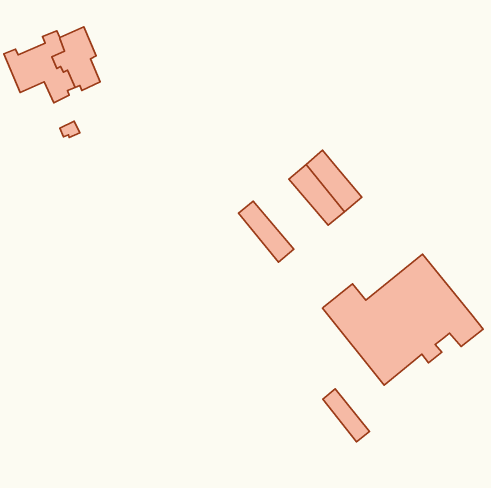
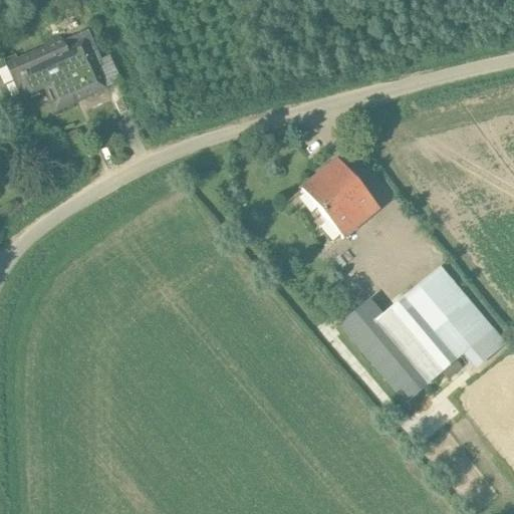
building: [239,201,294,262] -> none
building: [323,389,370,442] -> none

